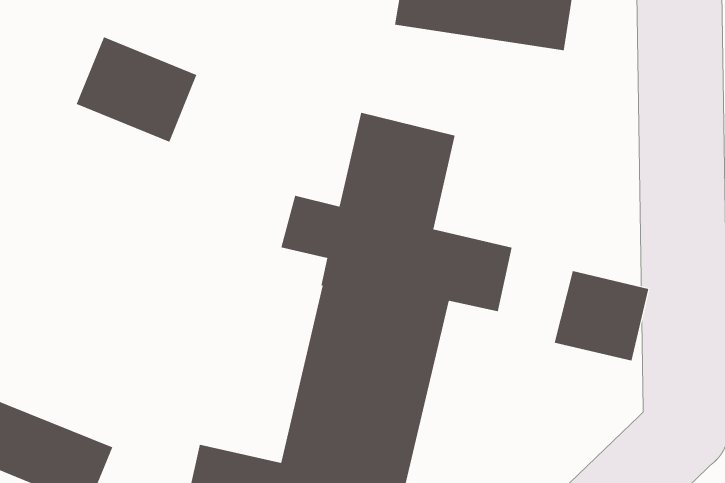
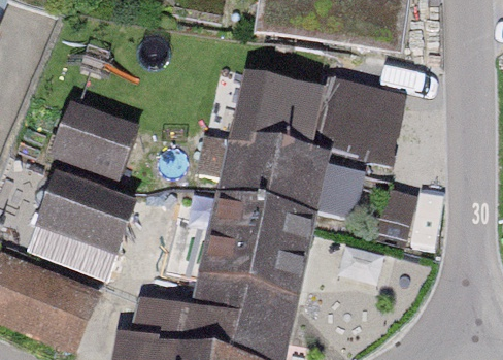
building: [76,37,197,142] -> [55,107,136,178]
building: none -> [316,76,399,161]
building: none -> [40,178,133,252]

